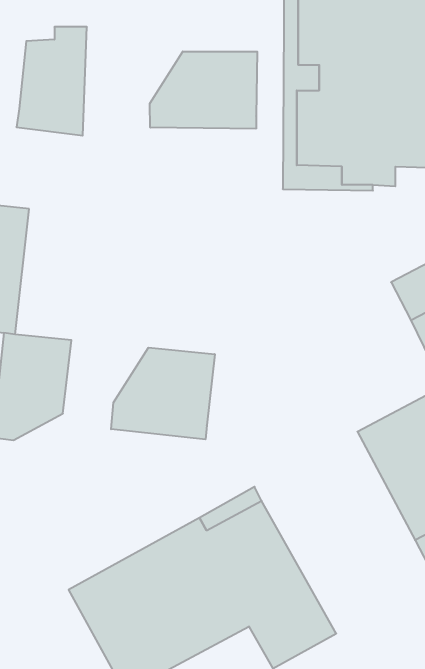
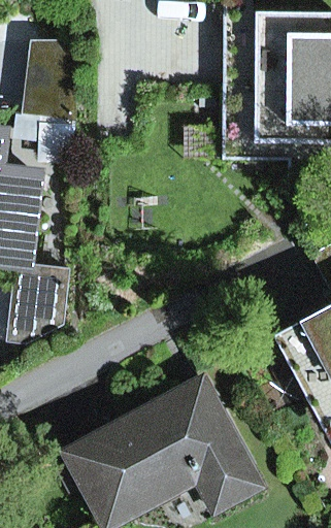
building: [150,51,257,129] -> none
building: [111,348,215,439] -> none

